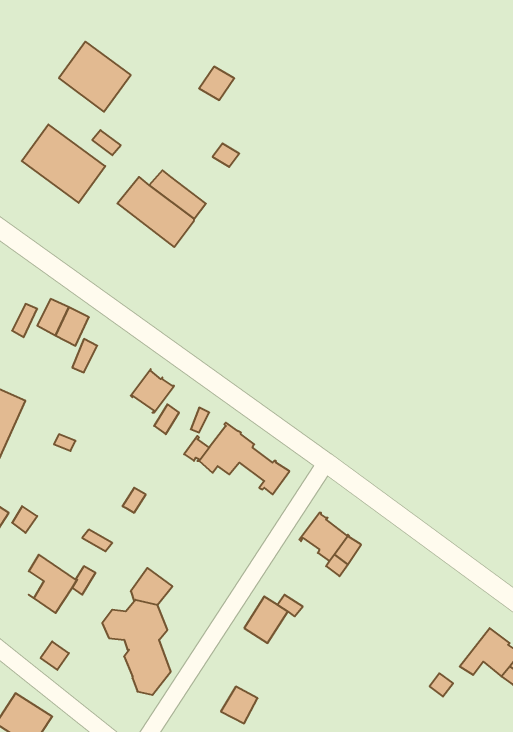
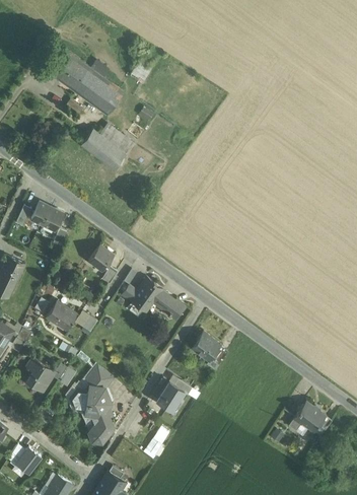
building: [22,124,105,203] -> [71,66,122,114]
building: none -> [45,300,76,330]

